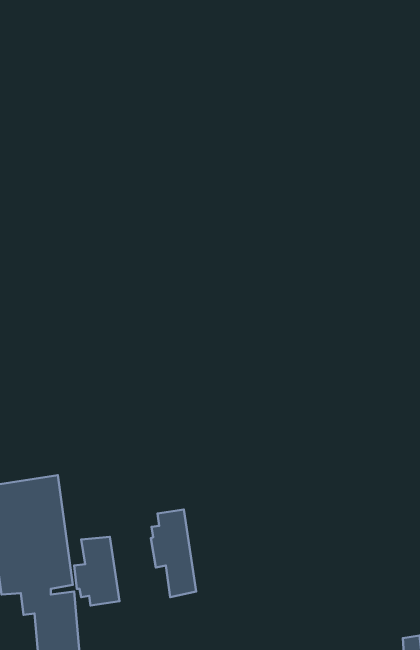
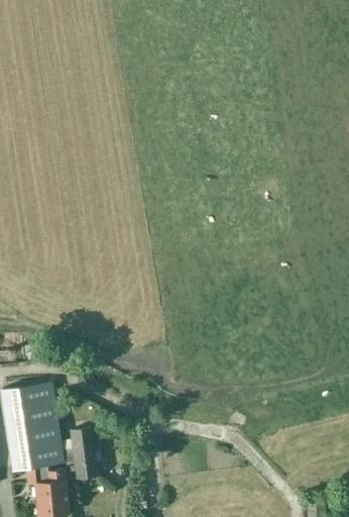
building: [151,509,196,597] -> none

